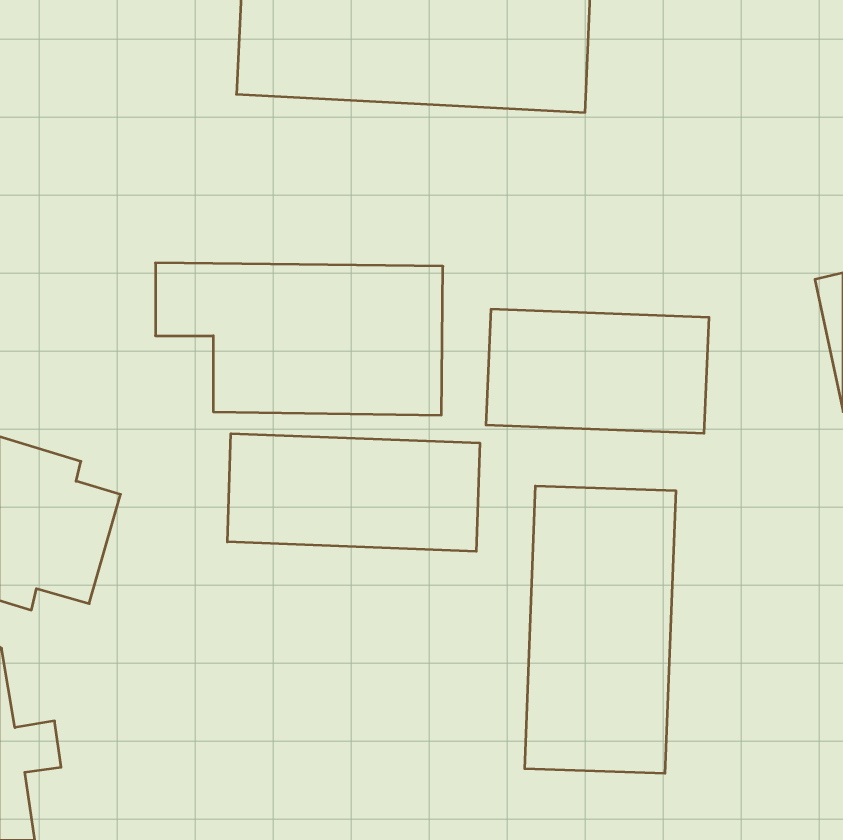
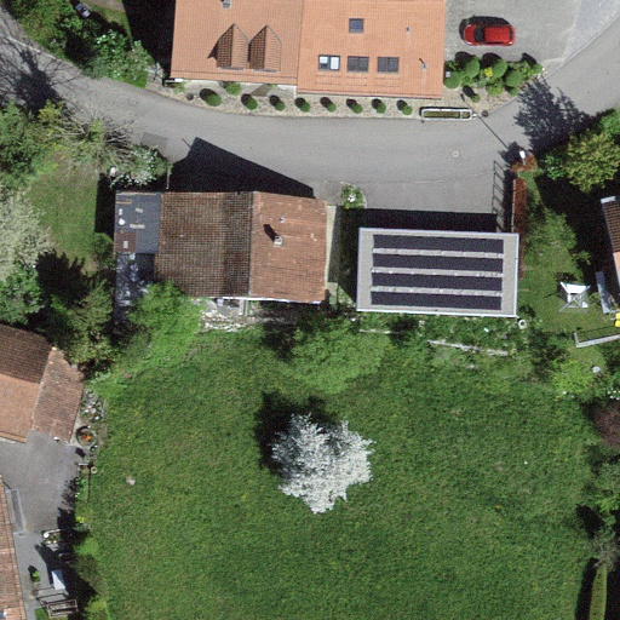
building: [227,434,480,551] -> none
building: [525,486,676,773] -> none

